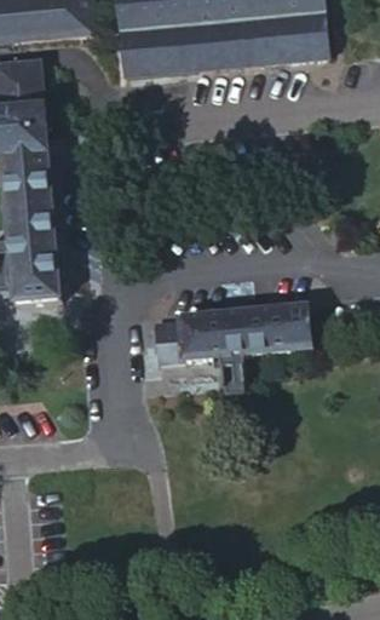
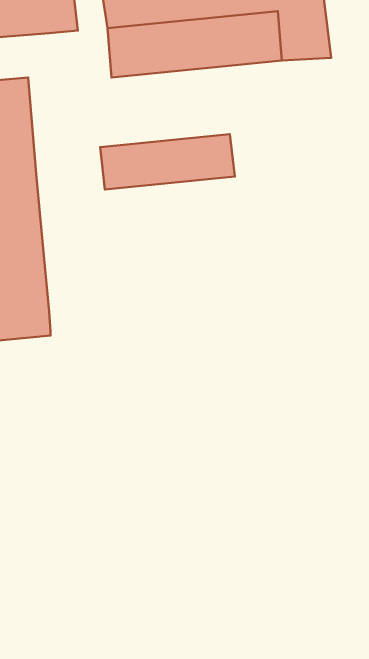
building: none -> [100,134,235,190]
building: [149,305,309,362] -> none

